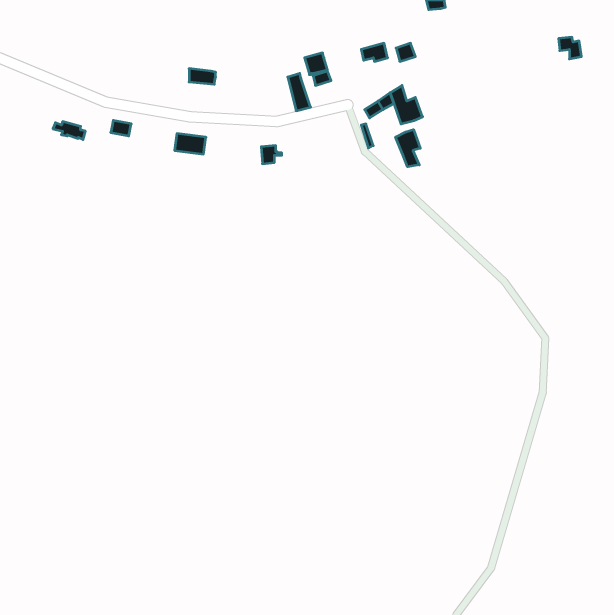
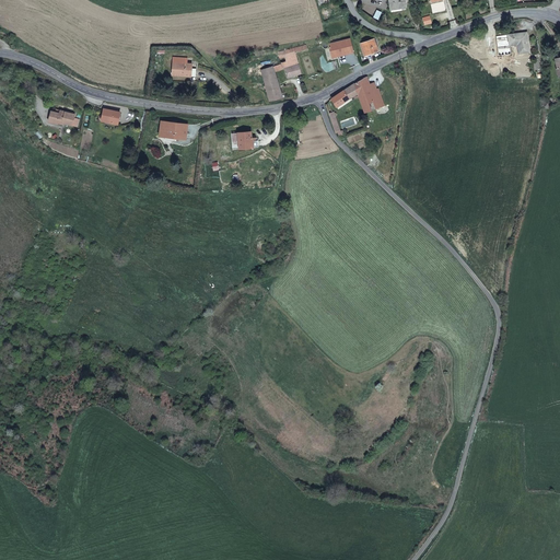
building: [396,130,420,167] -> none

